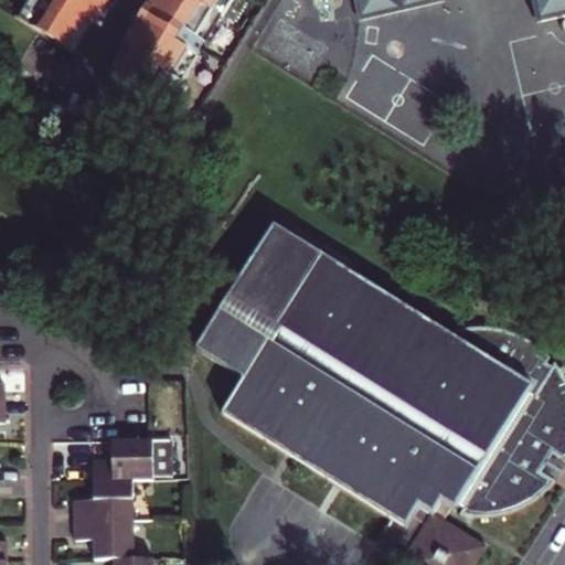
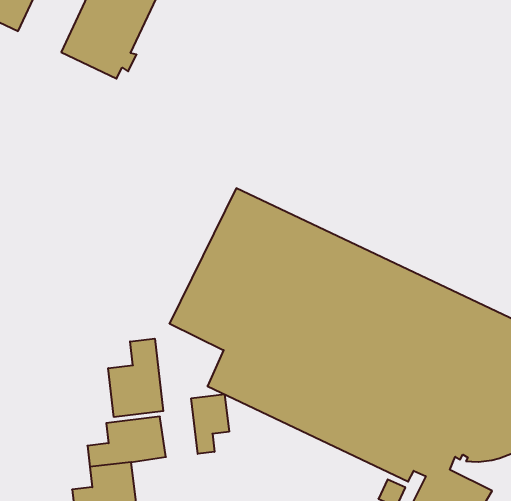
building: none -> [108,339,163,417]
building: none -> [191,394,229,454]

